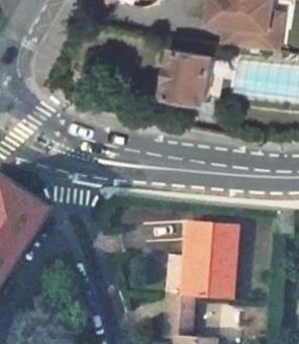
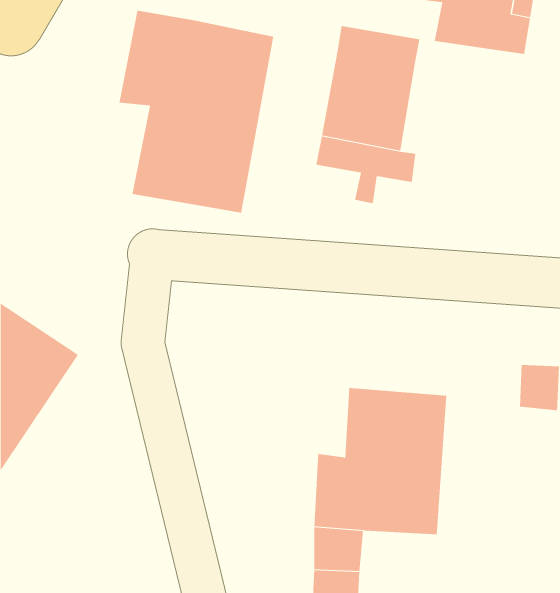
building: none -> [119,10,274,213]

